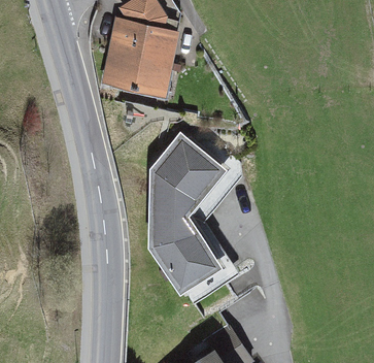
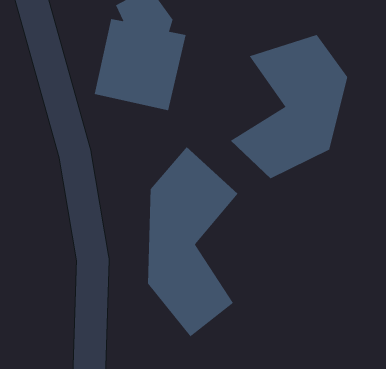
building: none -> [230,34,348,179]

